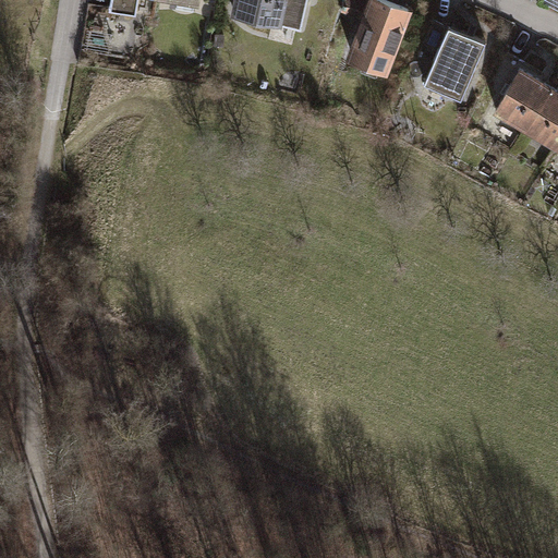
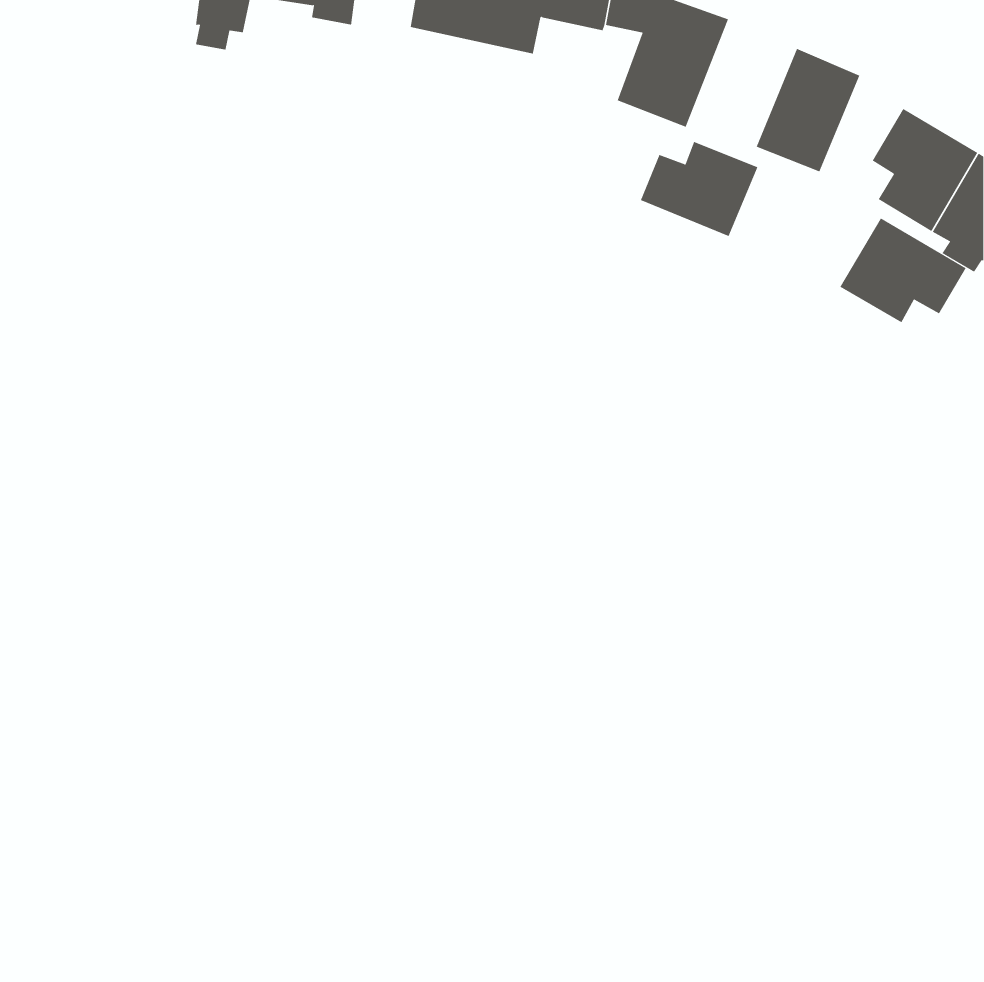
building: none -> [640,141,758,237]
building: none -> [839,217,966,323]

